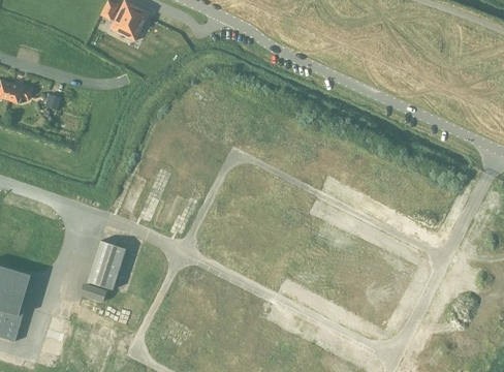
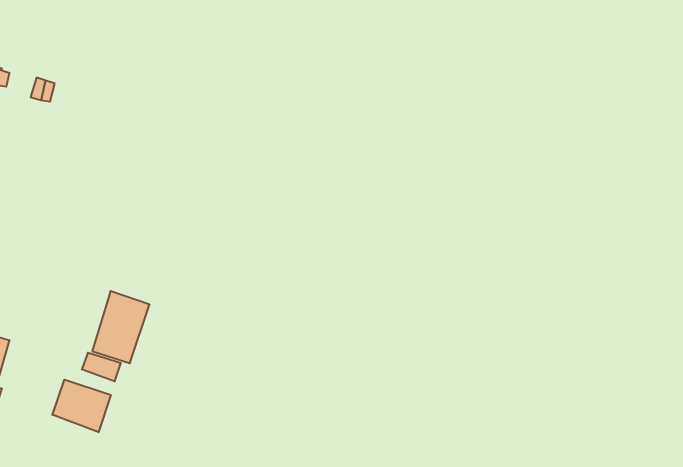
building: none -> [52,380,111,432]

